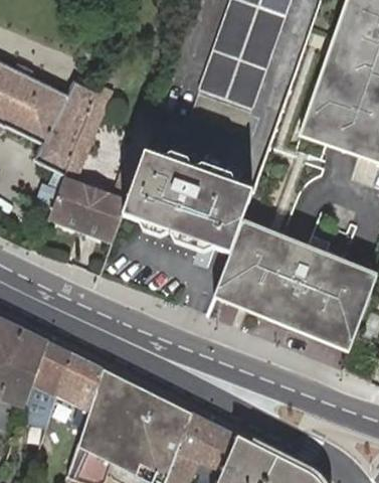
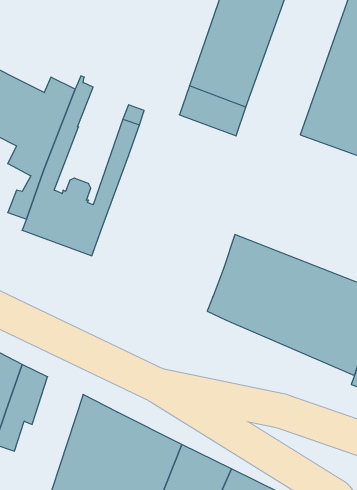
building: [121,152,253,254] -> none
building: [56,352,103,412] -> none

